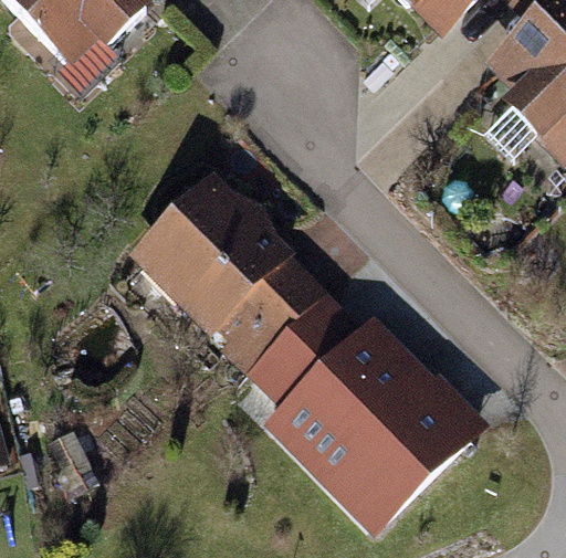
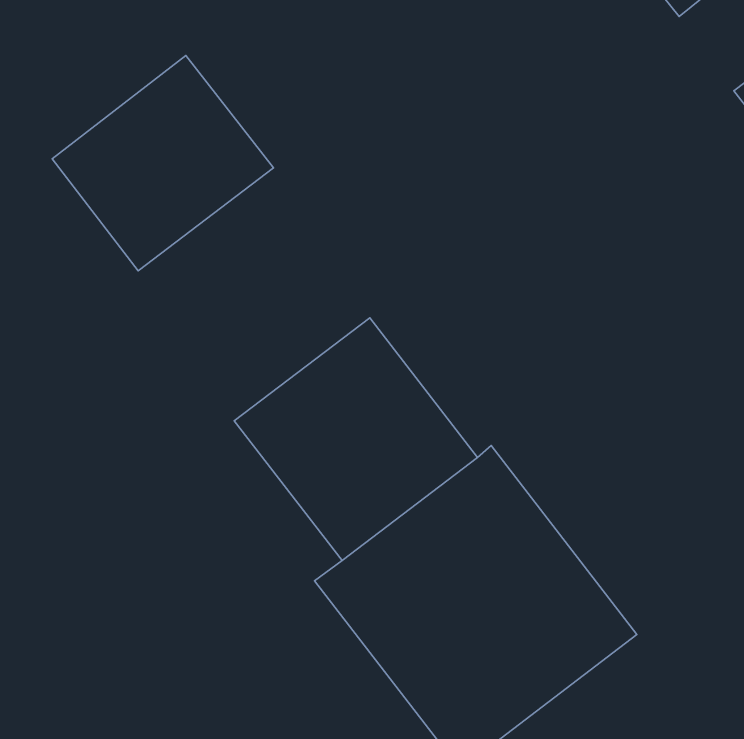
building: [136,185,277,326] -> [52,56,273,271]

